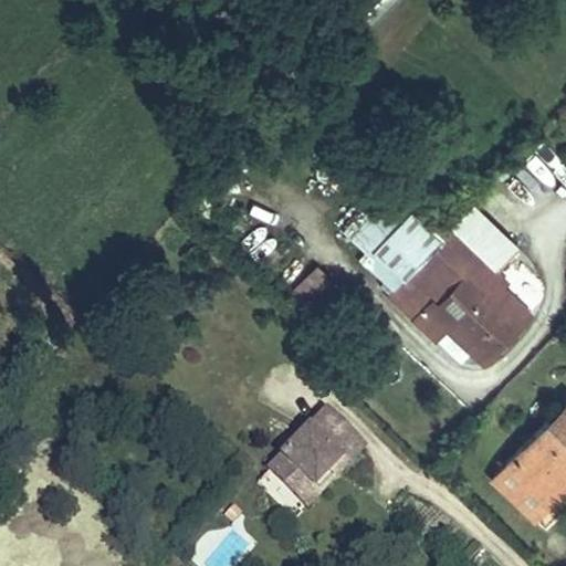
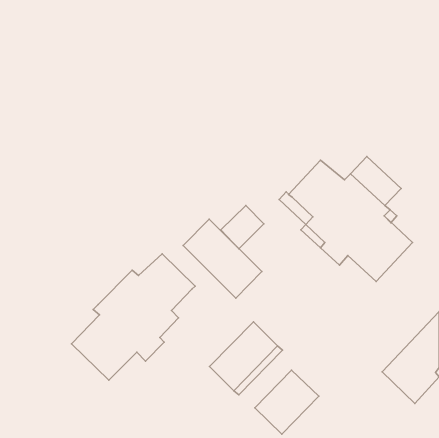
building: none -> [183,219,262,298]
building: none -> [71,254,195,380]
building: none -> [255,370,319,434]

